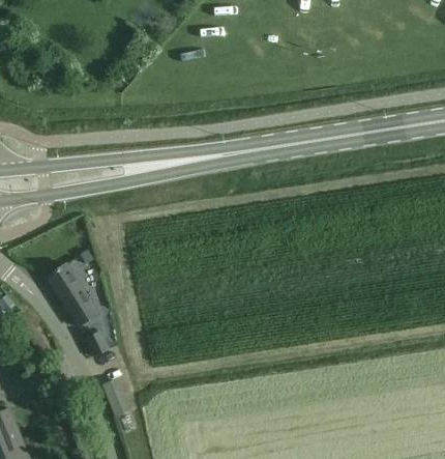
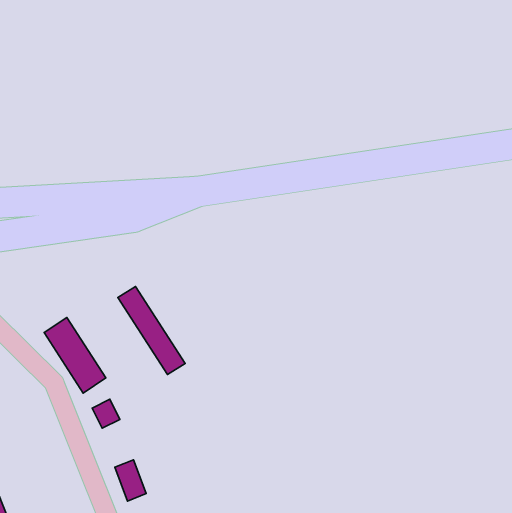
building: none -> [118,287,185,374]

